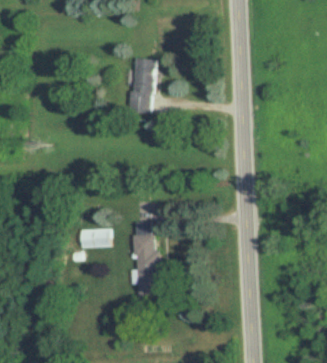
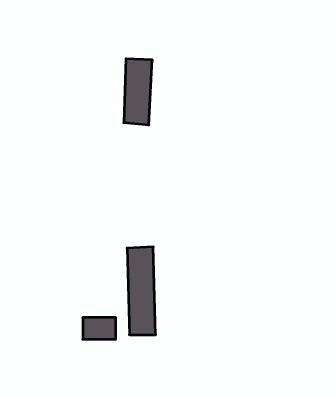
building: [79,229,108,248] -> [83,318,116,339]

